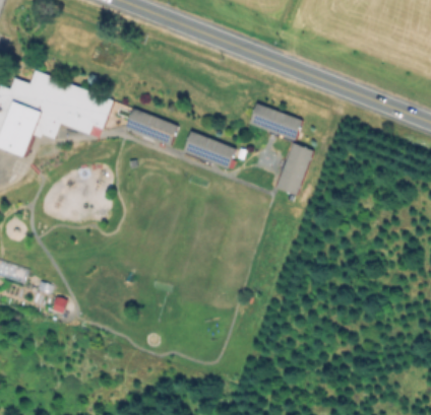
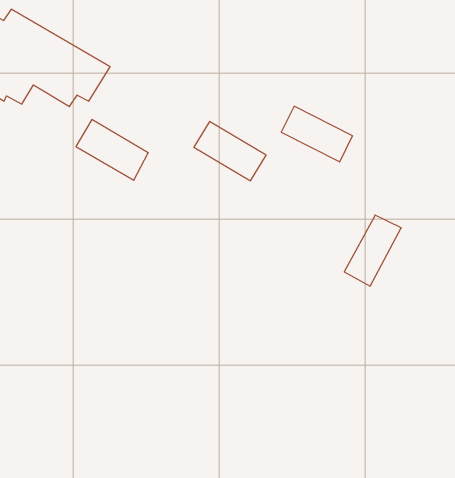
building: [126,106,179,144] -> [76,119,148,180]
building: [273,145,309,197] -> [344,215,401,286]

